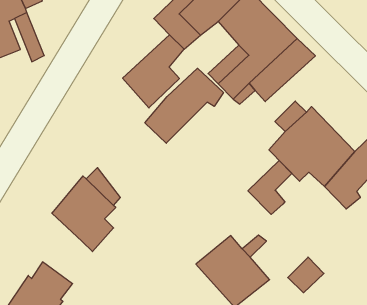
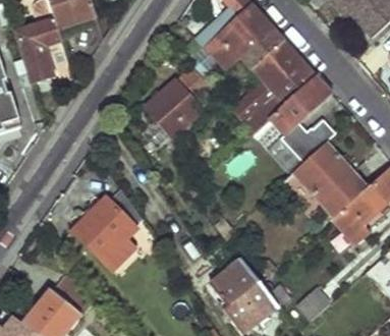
building: [145,68,223,143] -> none
building: [248,160,292,214] -> none

